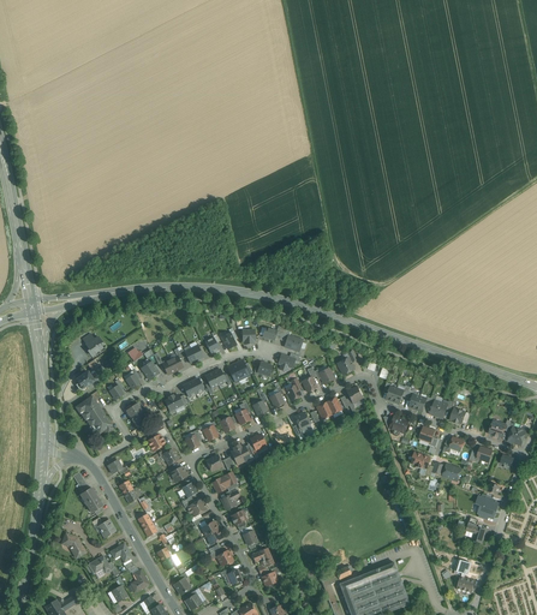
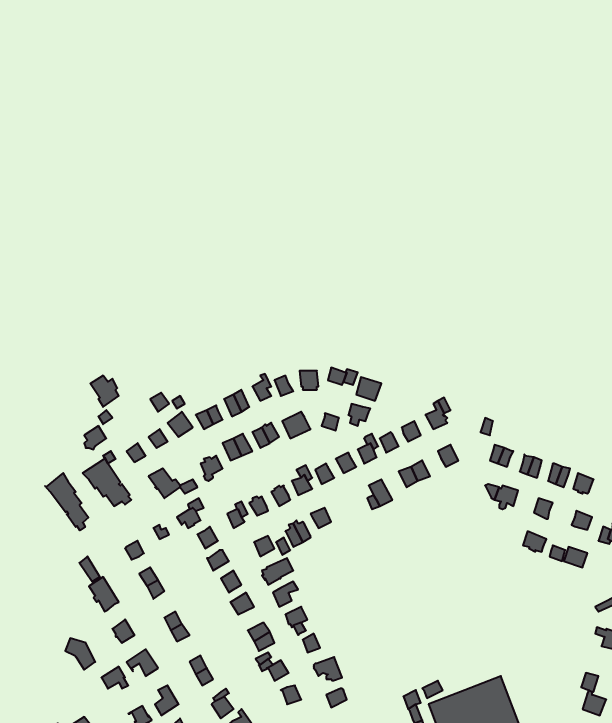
building: none -> [45,473,88,530]

